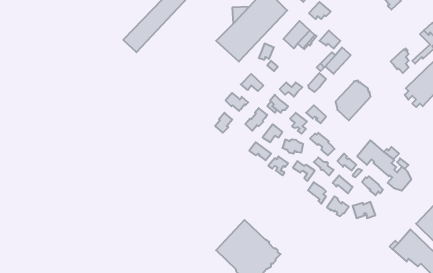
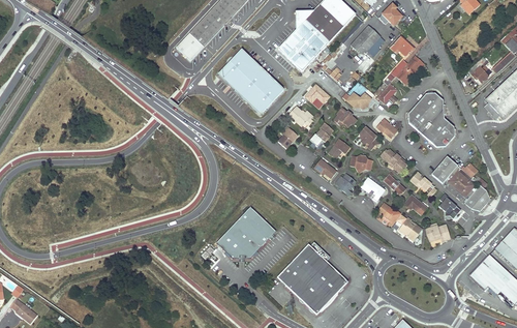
building: none -> [217,48,284,114]
building: none -> [422,109,457,147]
building: none -> [216,206,276,258]

